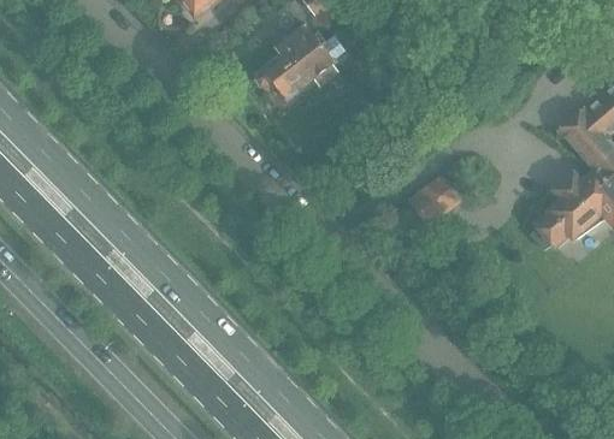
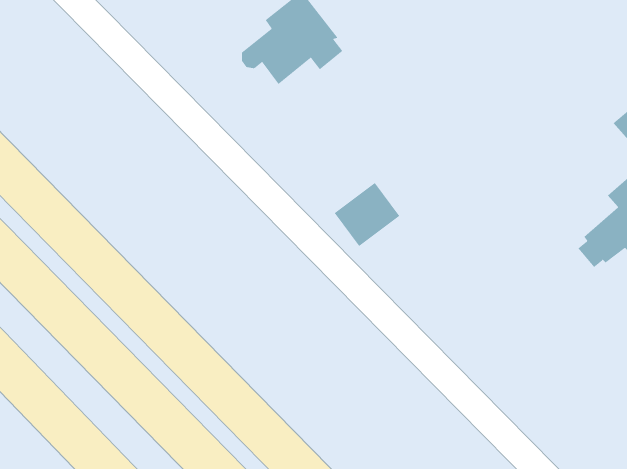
building: [403,176,457,229] -> [334,182,400,247]

